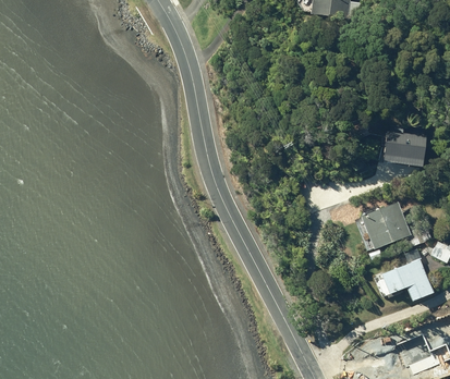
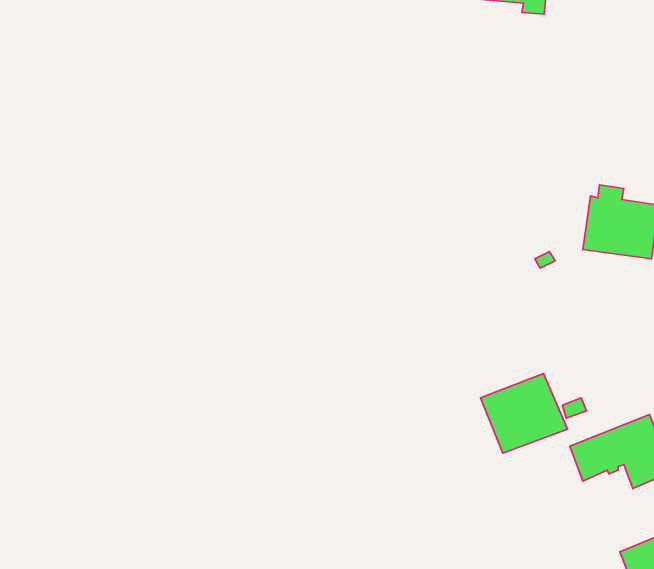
building: [360,201,411,248] -> [480,374,568,453]

